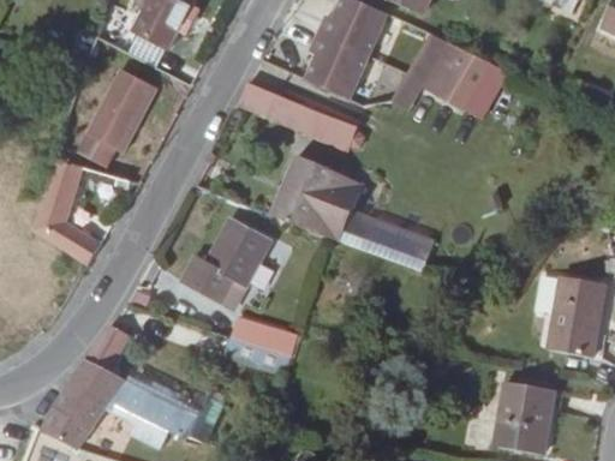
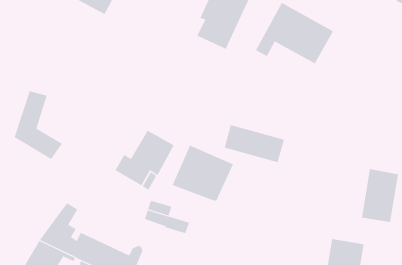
building: [77,68,156,167] -> none
building: [237,80,356,148] -> none
building: [270,155,363,239] -> [172,145,234,201]

